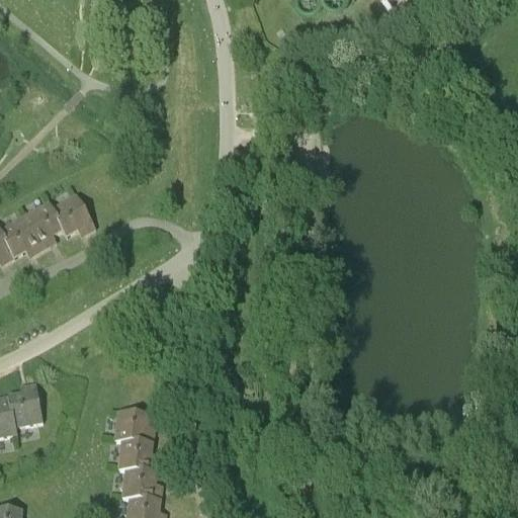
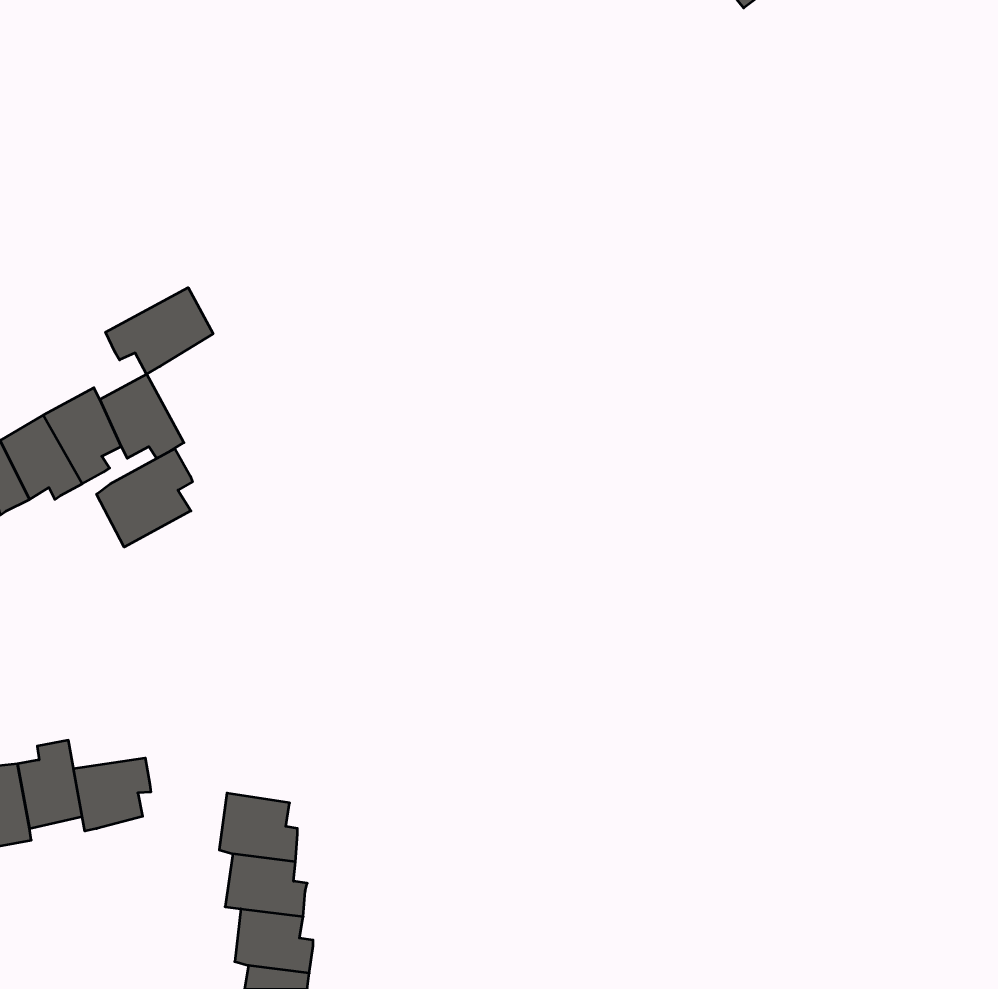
building: none -> [106,288,213,374]
building: none -> [97,449,192,547]
building: none -> [74,758,151,831]

